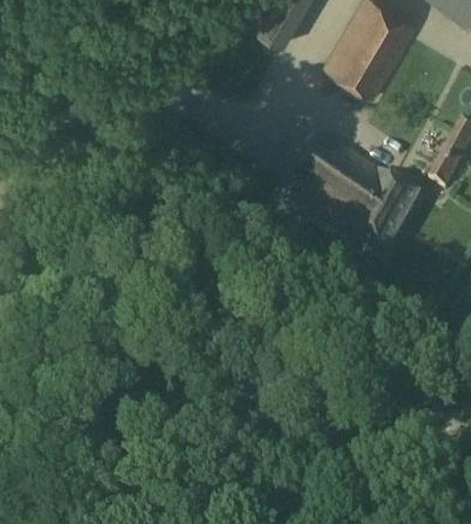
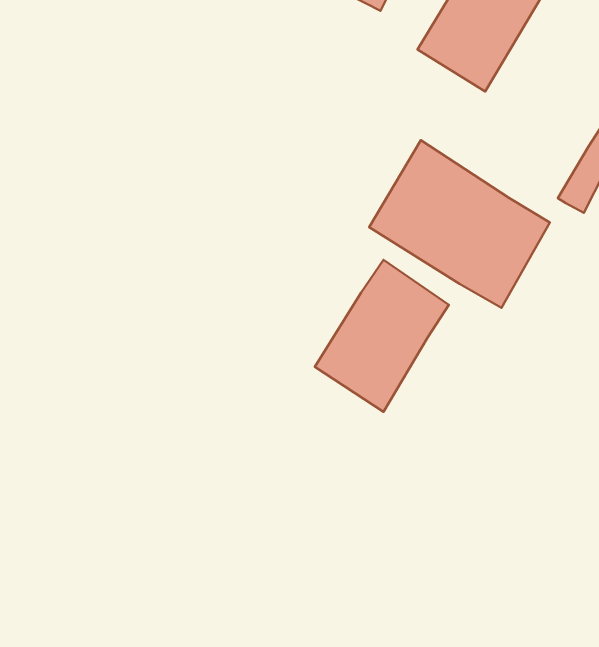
building: none -> [315,260,449,412]

